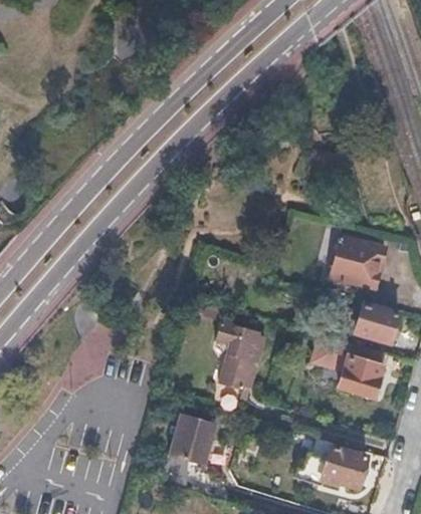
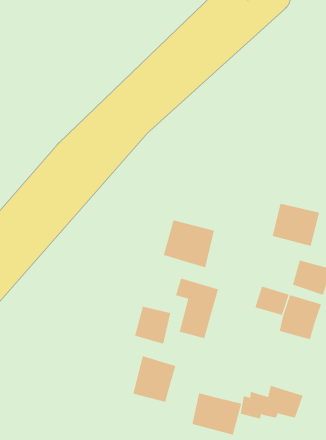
building: none -> [163,220,215,268]
building: none -> [134,306,171,344]
building: none -> [192,393,242,435]

